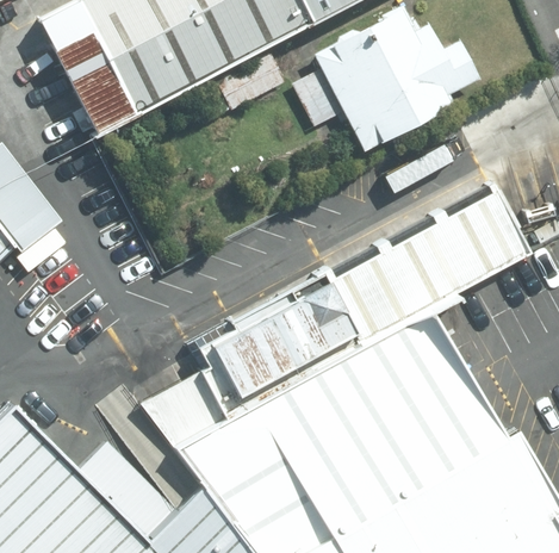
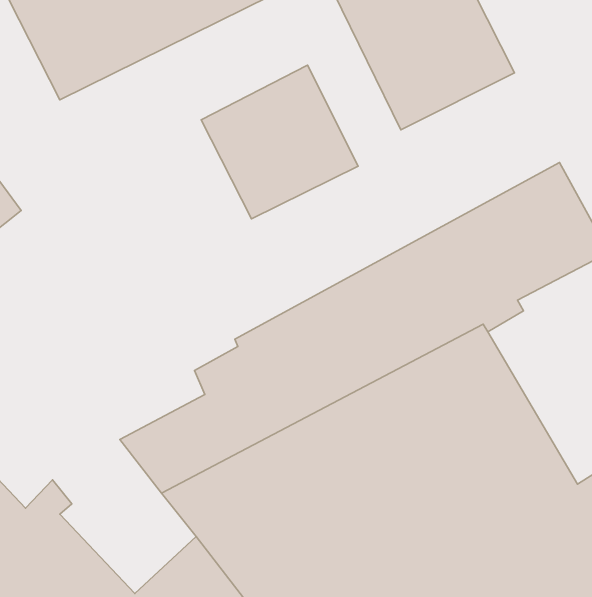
building: none -> [201,65,358,219]

